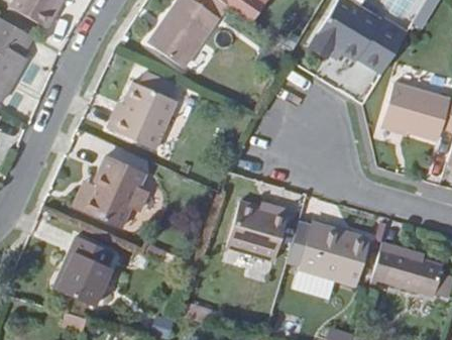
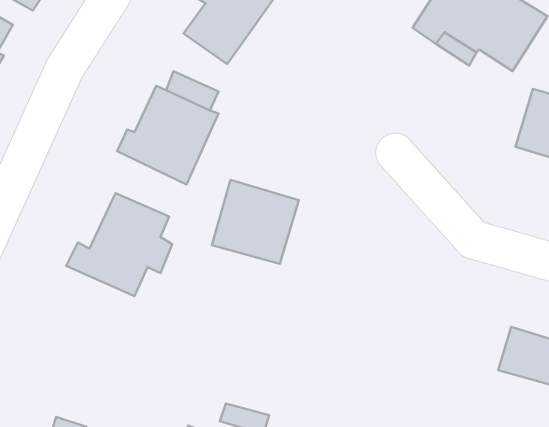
building: [227,201,288,259] -> [212,180,299,264]
building: [300,222,370,287] -> none
building: [58,234,113,307] -> none

